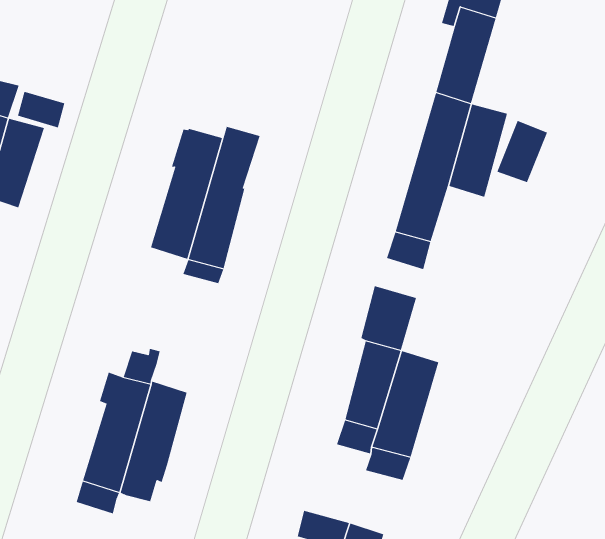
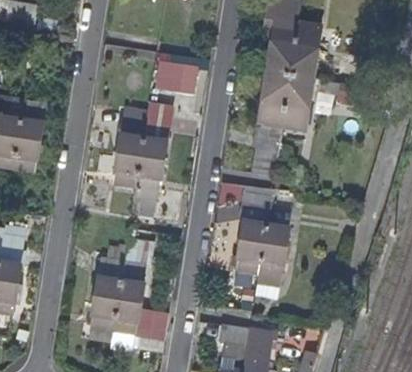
building: none -> [289,22,319,77]
building: none -> [152,61,196,97]
building: none -> [135,309,166,342]

